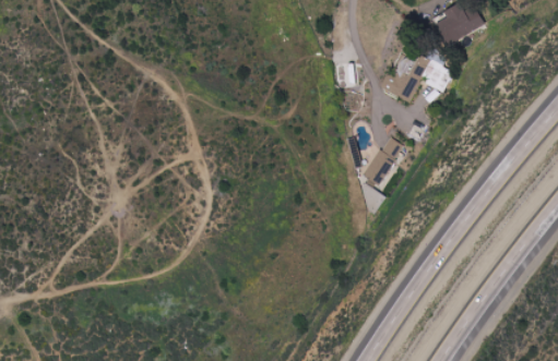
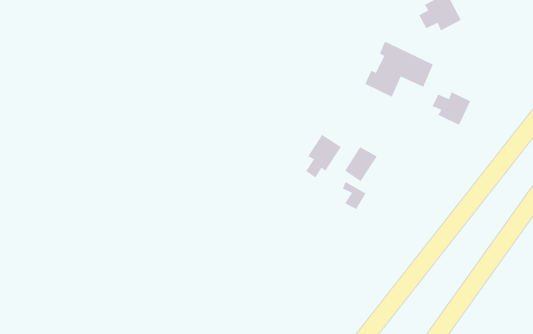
building: none -> [432,91,471,126]
building: none -> [305,134,342,178]

